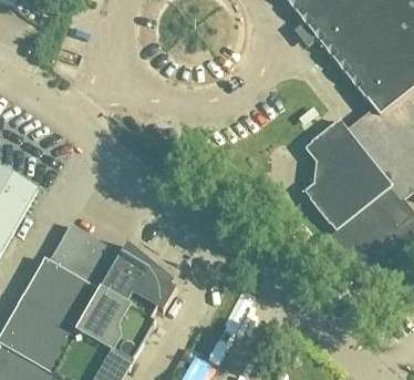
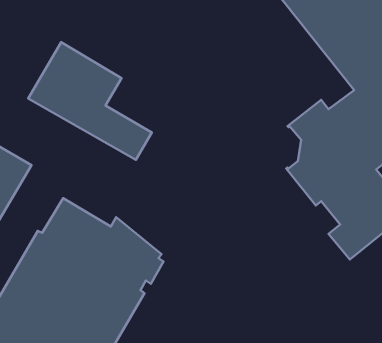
building: none -> [28,42,152,160]

